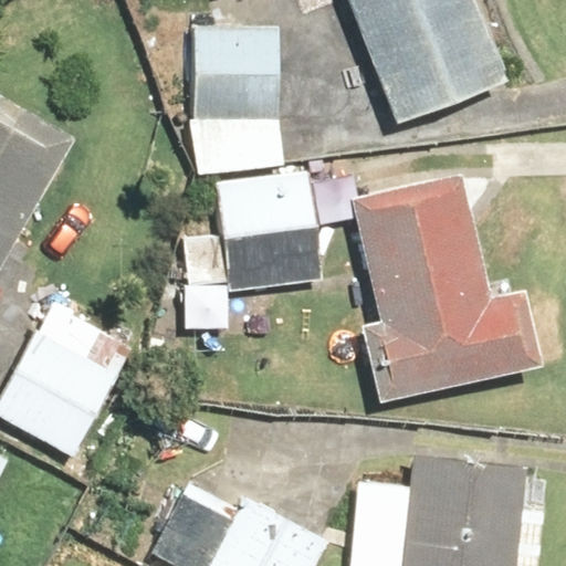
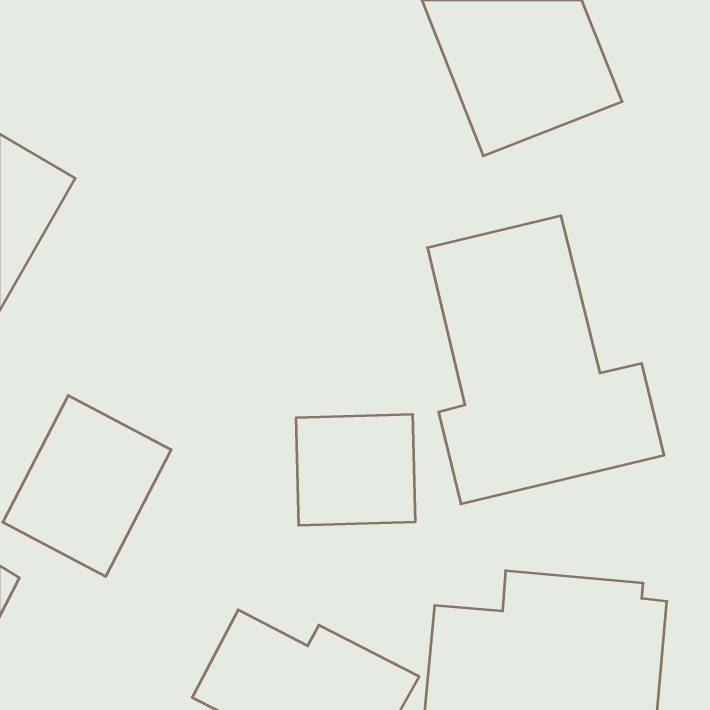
building: [198,31,290,170] -> none
building: [189,184,331,285] -> none
building: none -> [296,414,415,525]

